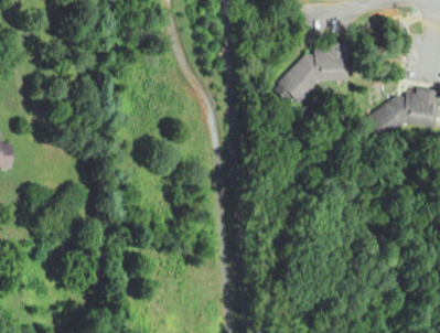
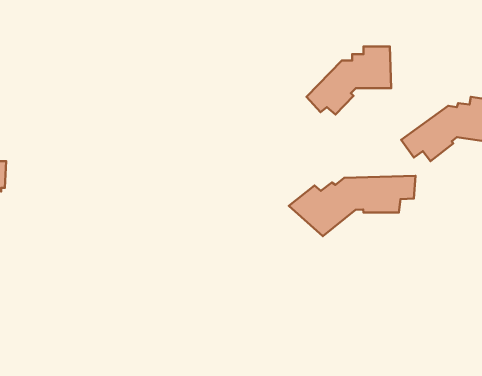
building: none -> [289,176,416,236]

